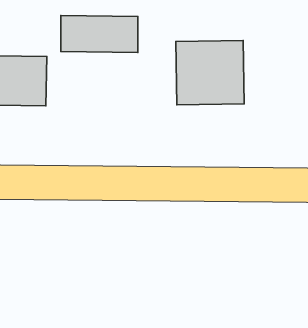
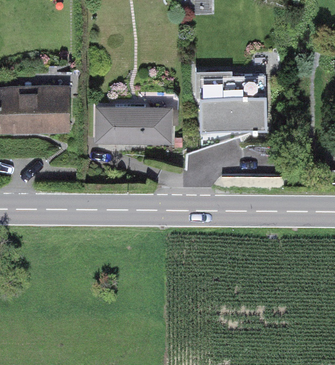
building: [61,15,138,53] -> [95,106,172,143]

